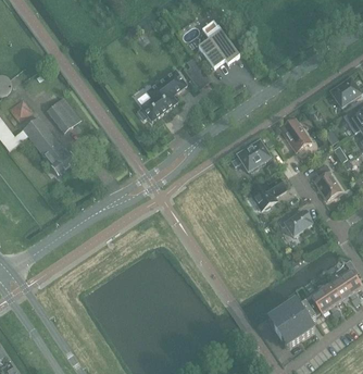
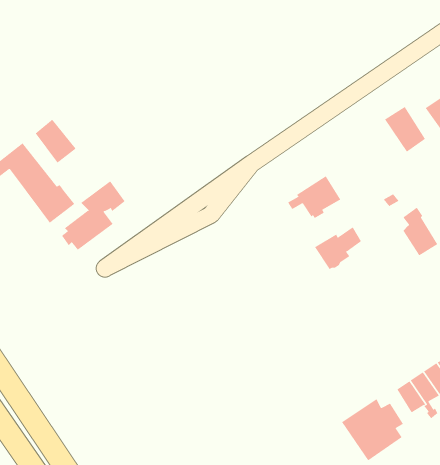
building: [198,21,239,67] -> none
building: [139,70,186,121] -> [61,180,125,251]
building: [279,117,310,151] -> [384,106,426,152]
building: [277,211,311,236] -> none

